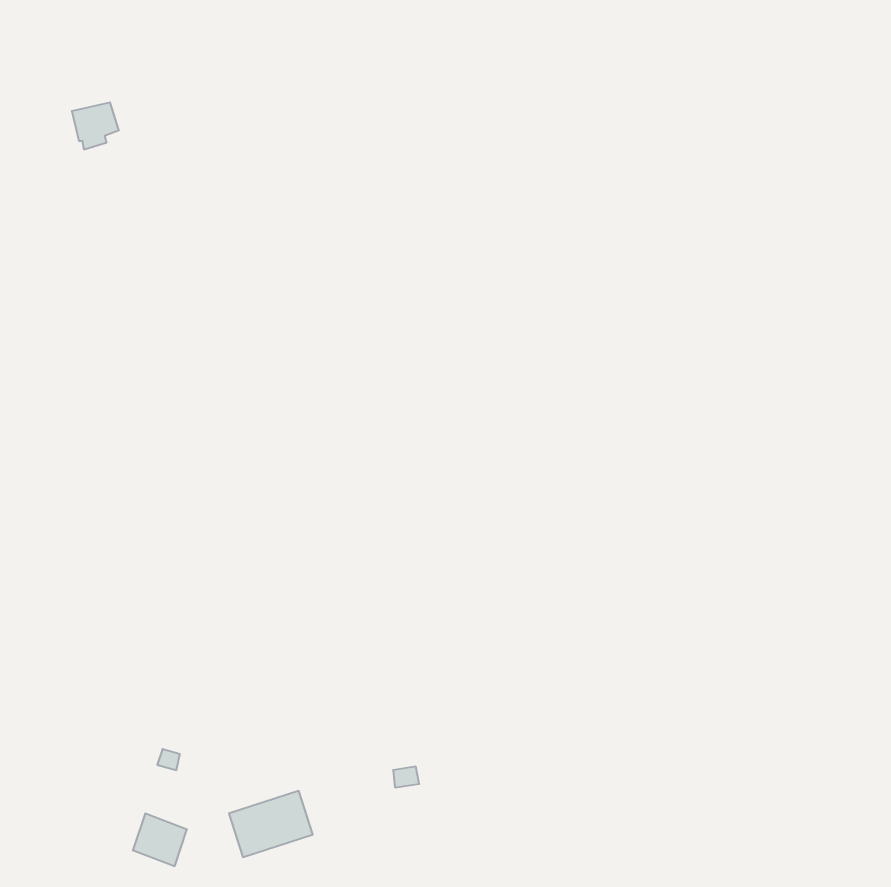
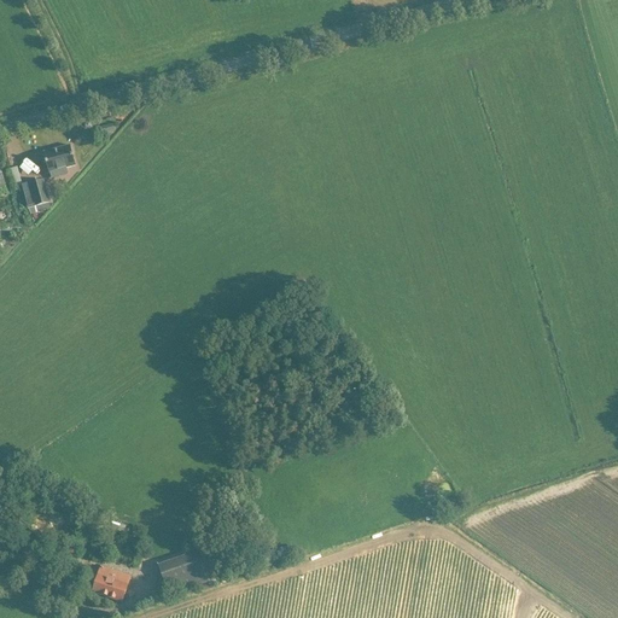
building: [72,102,119,149] -> [42,142,75,175]
building: none -> [17,176,49,211]

